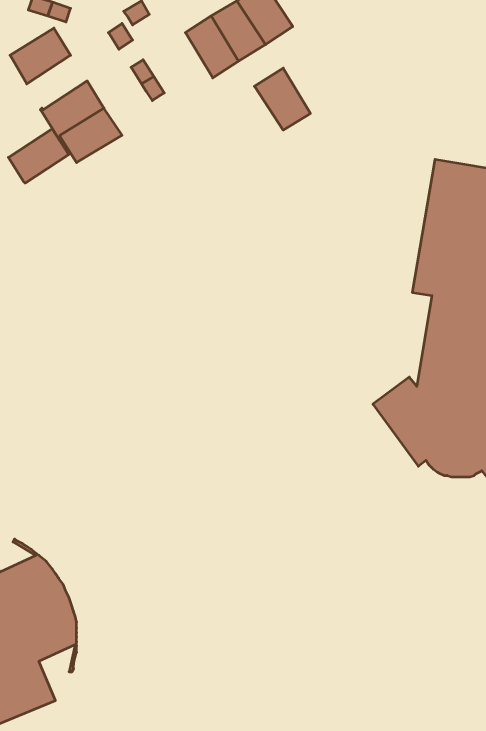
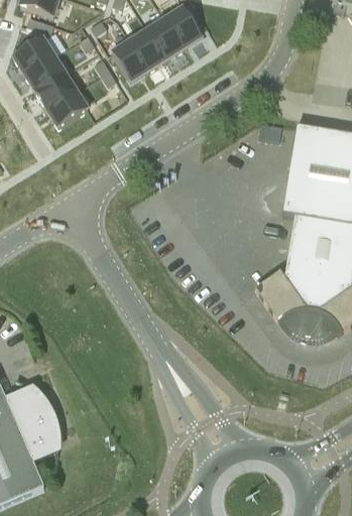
building: [254,68,310,130] -> [112,39,149,81]
building: [8,129,69,183] -> [25,54,66,91]

